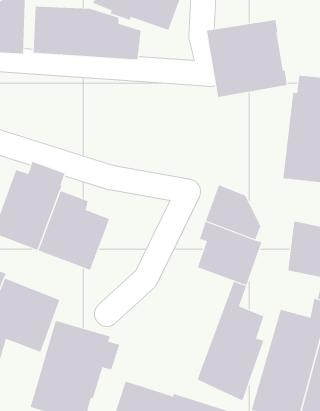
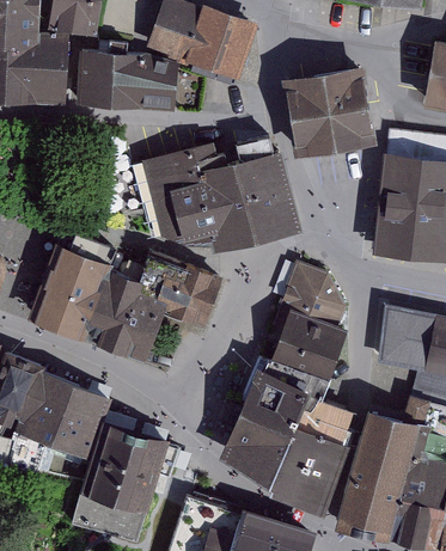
building: none -> [141,137,304,252]
building: none -> [139,255,222,327]
building: none -> [219,360,313,488]

